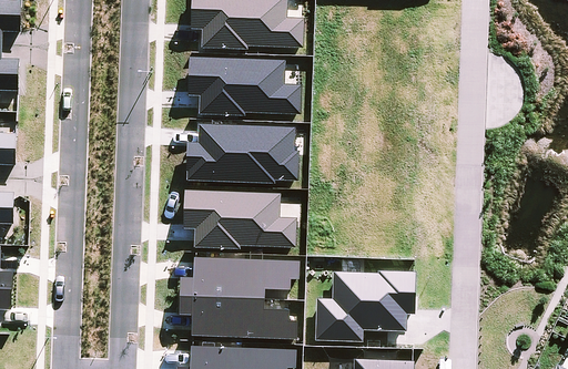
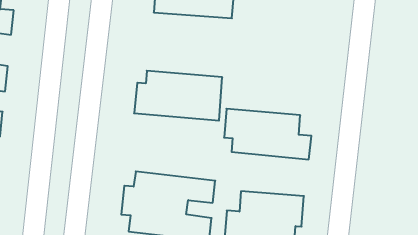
building: [187,58,301,114] -> none
building: [183,191,296,248] -> [224,109,311,159]

